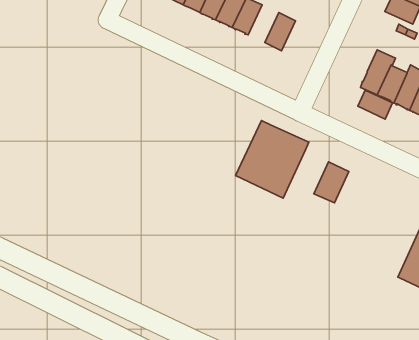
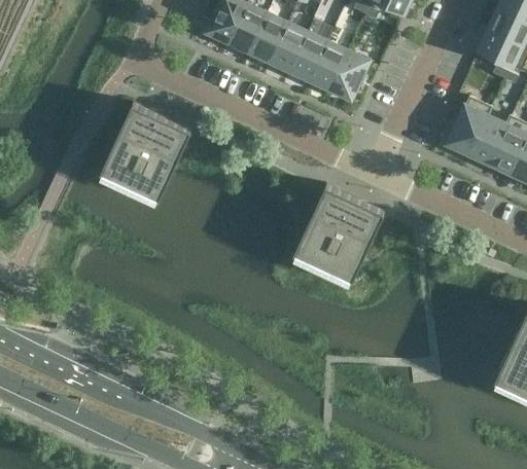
building: none -> [310,44,348,91]
building: none -> [102,105,192,201]
building: [358,90,392,119] -> none
building: [314,162,349,203] -> none

